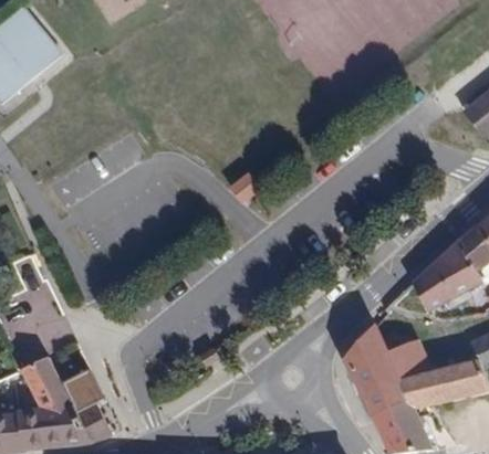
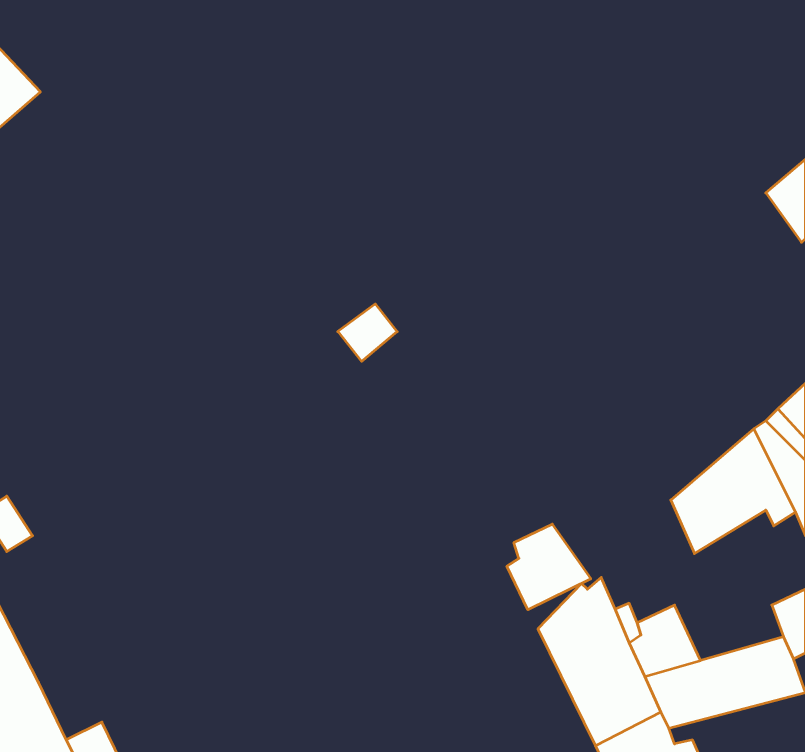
building: none -> [507,524,591,610]
building: [60,370,103,415] -> none

